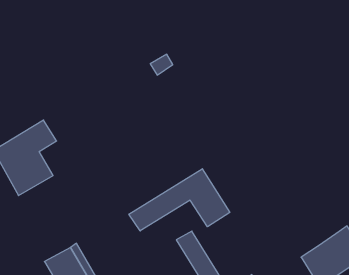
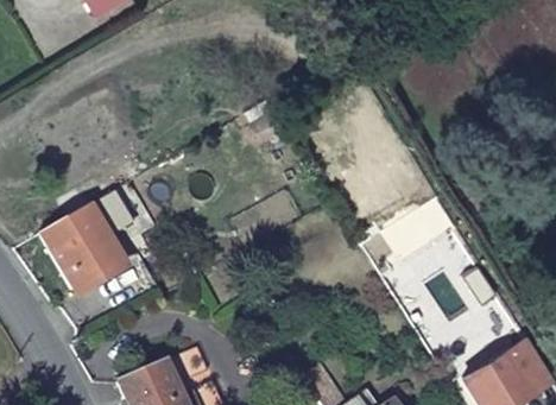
building: [129,169,230,231] -> none

